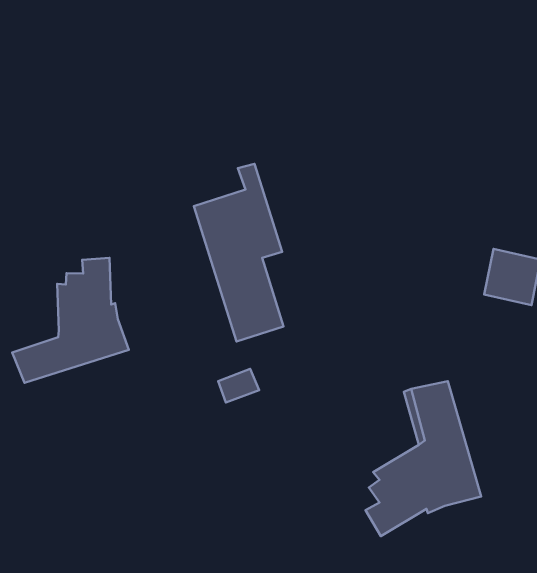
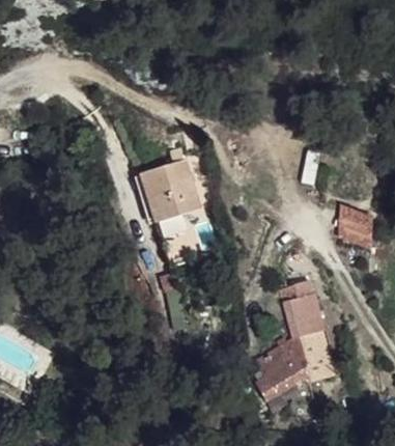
building: [12,258,129,383] -> none

